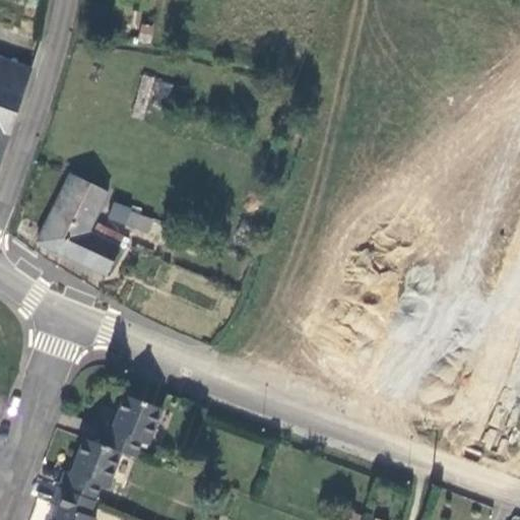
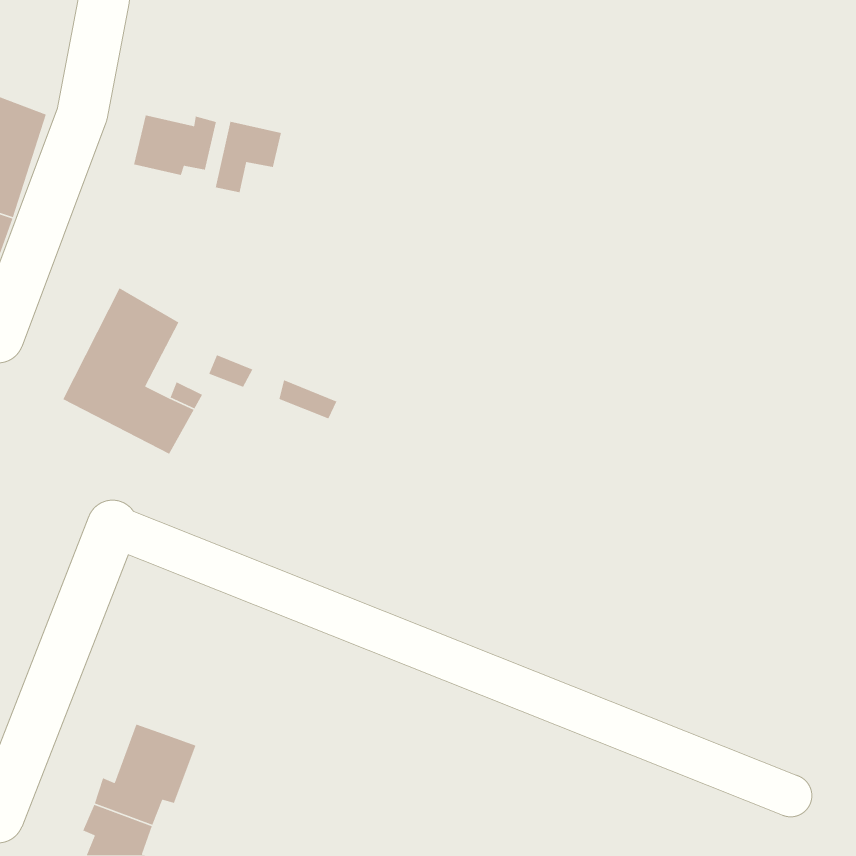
building: none -> [133,115,217,176]
building: [96,394,159,457] -> none

